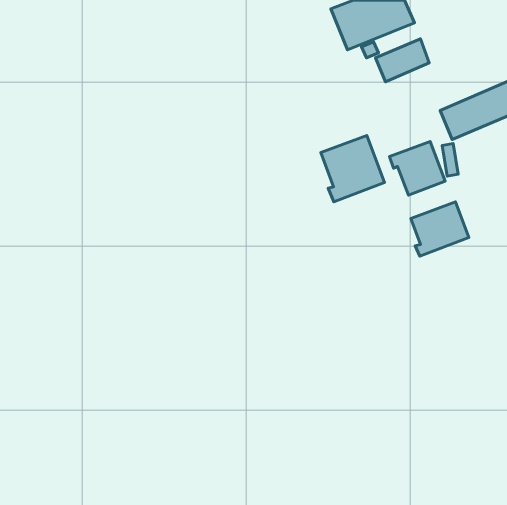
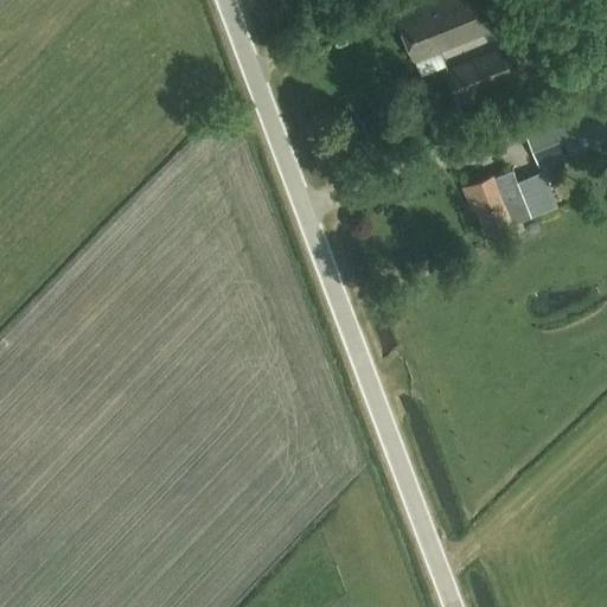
building: [321,135,384,202] -> none
building: [411,202,469,256] -> none

